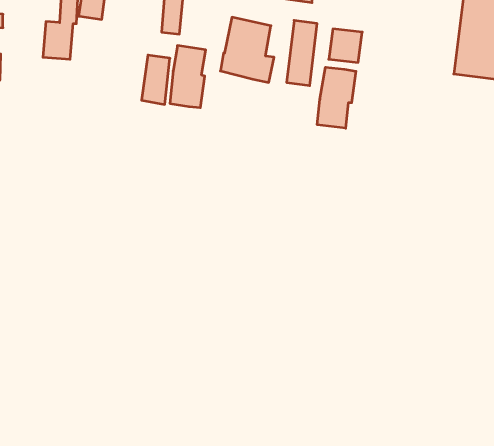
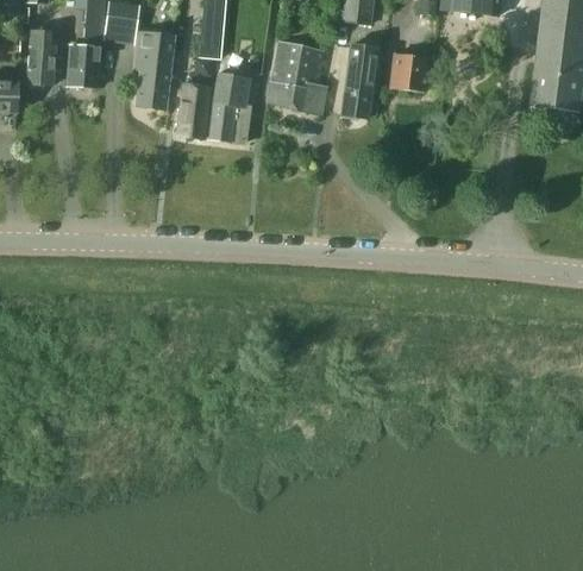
building: none -> [136,31,174,108]
building: none -> [26,32,55,83]
building: [317,67,356,128] -> none

